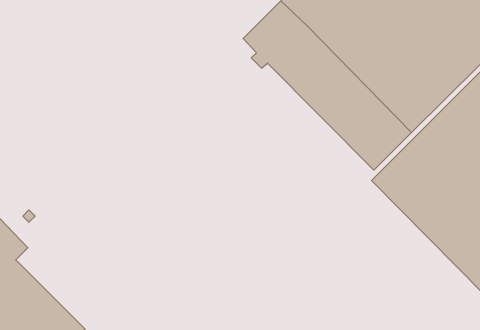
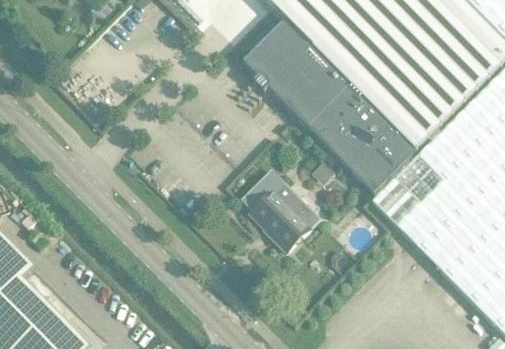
building: none -> [242,168,320,249]

